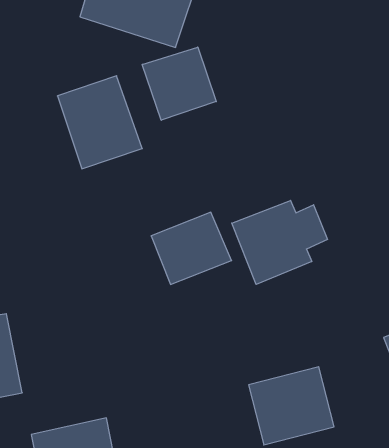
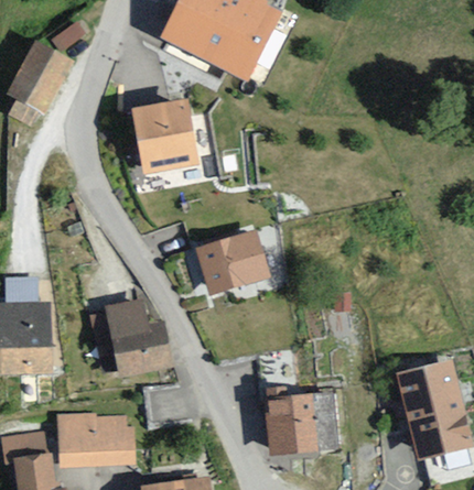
building: [142,47,216,120] -> none
building: [232,200,327,284] -> none
building: none -> [90,300,172,377]

